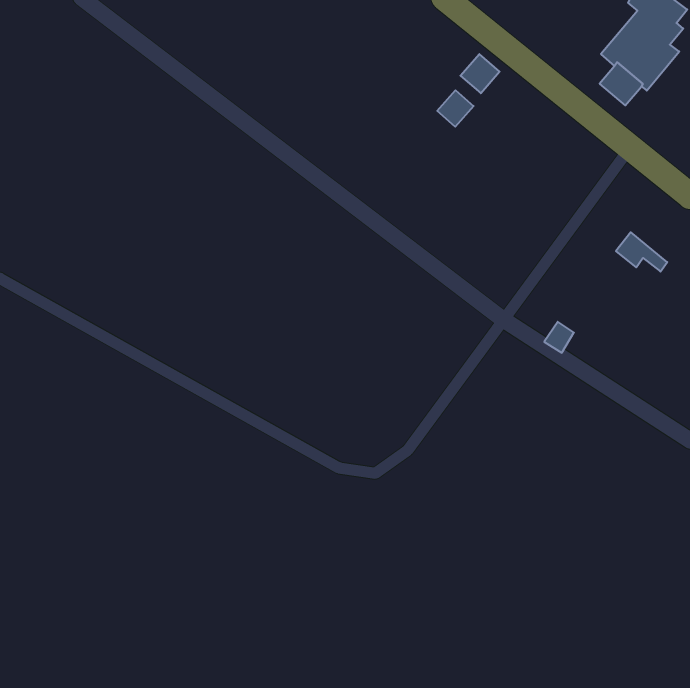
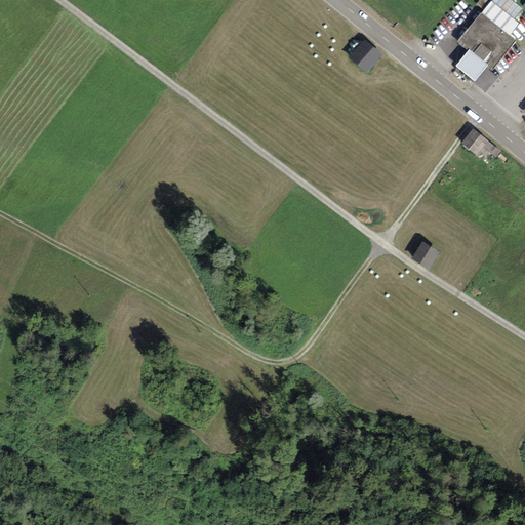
building: [437,90,474,127] -> none
building: [616,232,667,272] -> [461,127,500,157]

